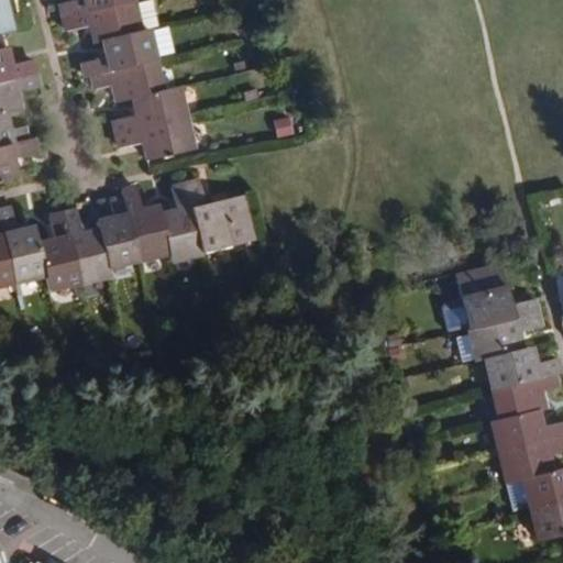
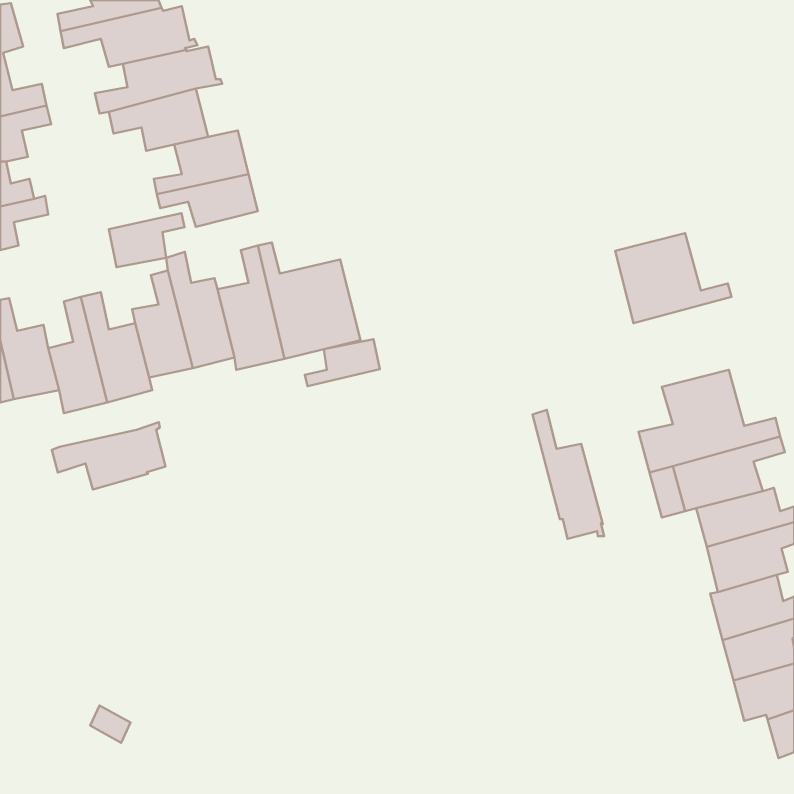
building: none -> [109,213,185,267]
building: none -> [615,233,731,323]
building: none -> [305,339,380,386]
building: none -> [533,410,604,539]
building: none -> [52,422,166,489]

